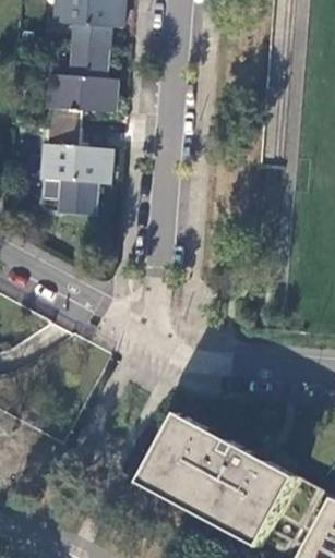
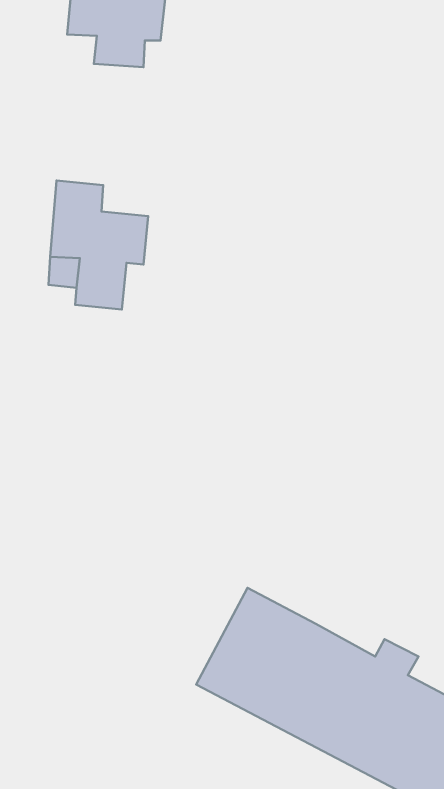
building: [46,48,116,133] -> none

